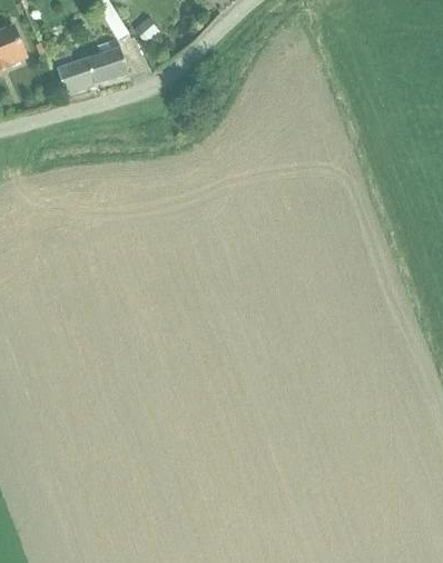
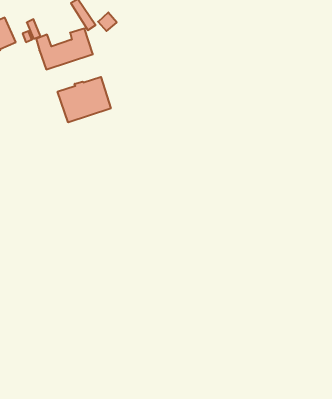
building: none -> [58,77,111,122]

